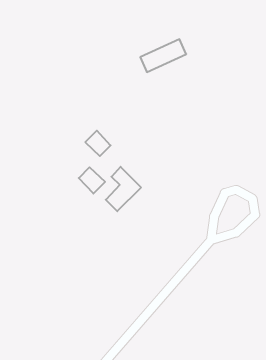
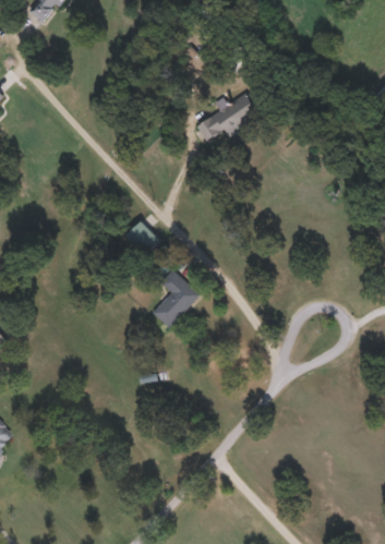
building: [79,167,105,194] -> none

